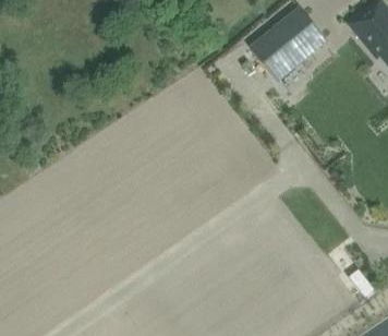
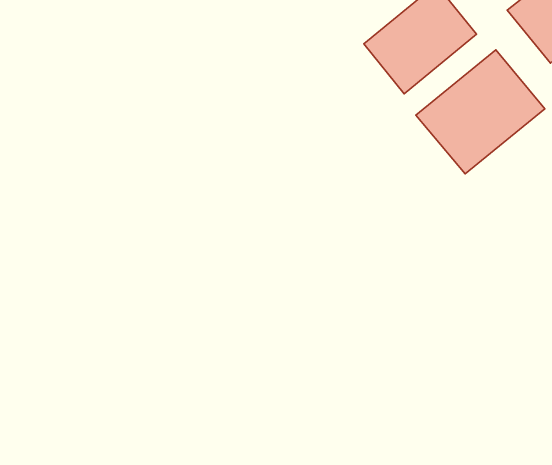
building: none -> [416,50,545,174]

